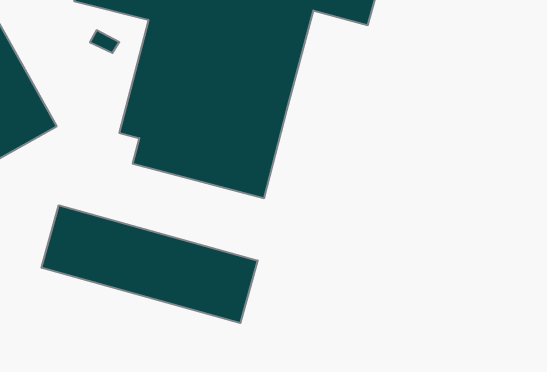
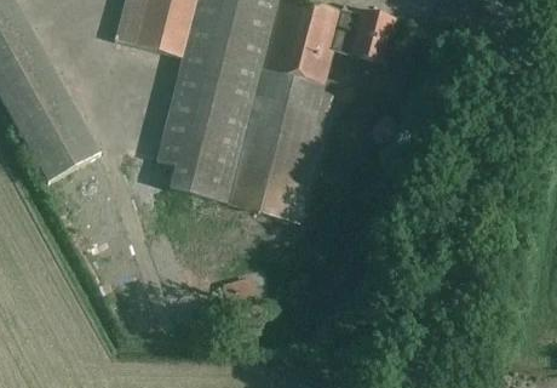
building: [42,205,258,323] -> none

